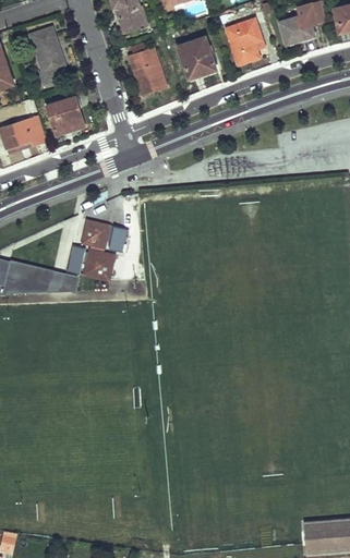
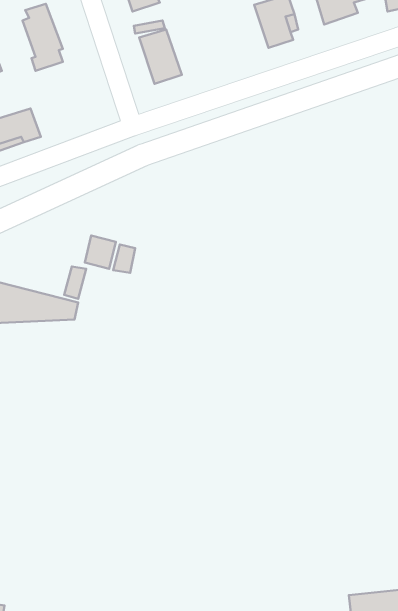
building: [179,36,216,77] -> none
building: [46,95,82,134] -> none
building: [83,248,117,282] -> none

